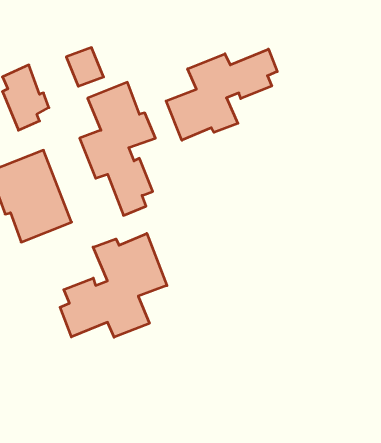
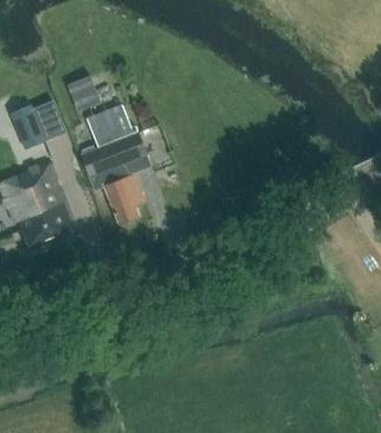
building: [166,49,277,140] -> none
building: [60,233,167,337] -> none

